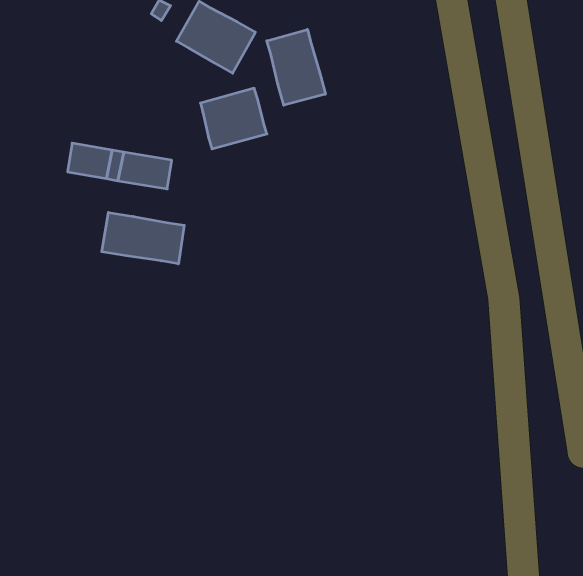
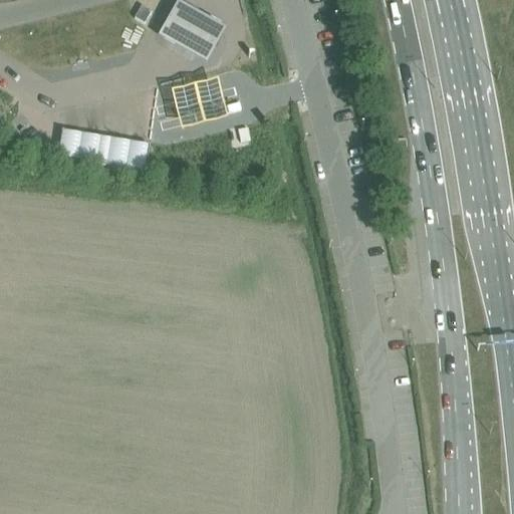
building: [267,29,325,105] -> none
building: [102,212,184,264] -> none

